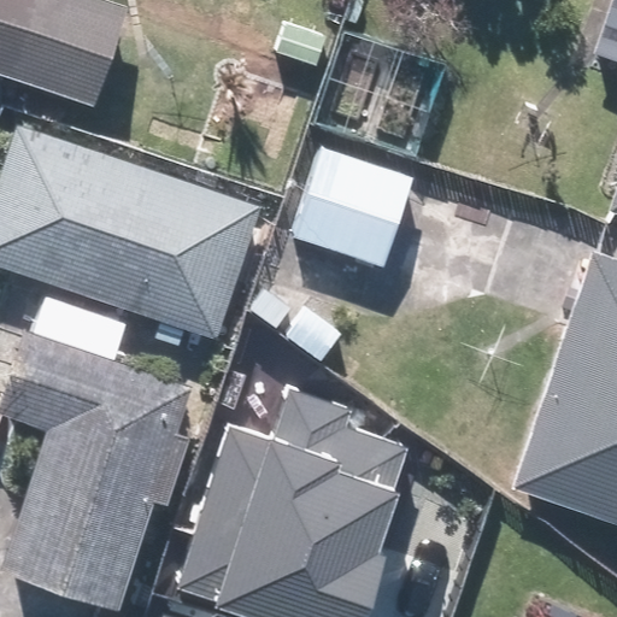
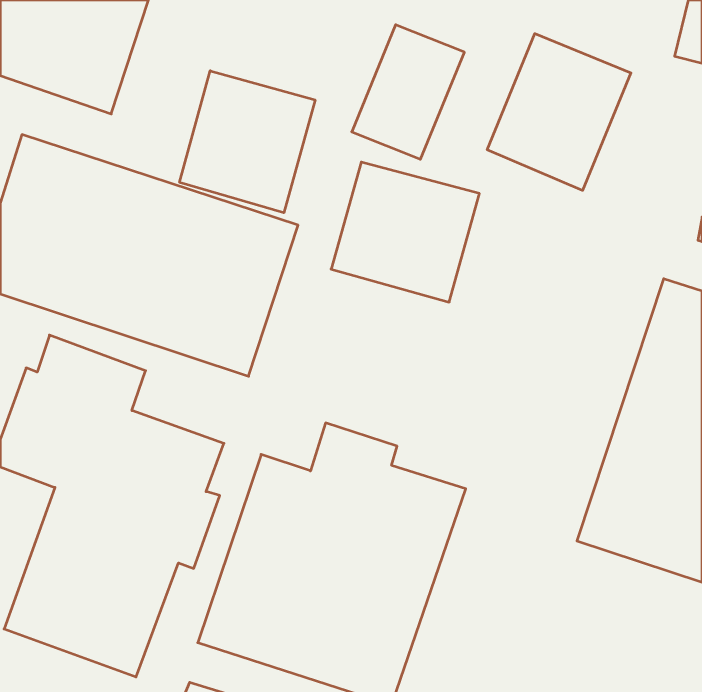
building: none -> [487,34,631,190]
building: none -> [180,71,315,213]

